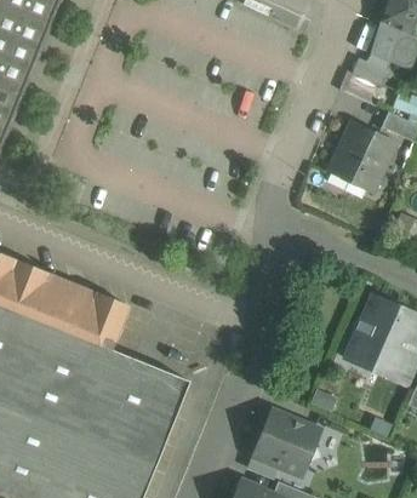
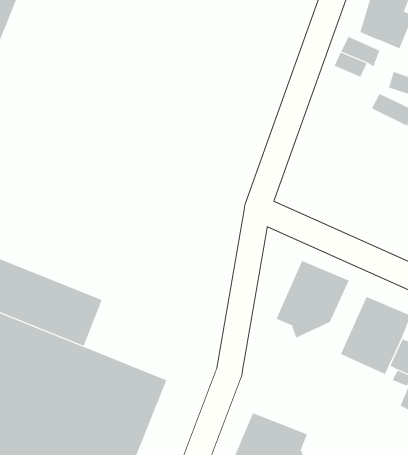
building: [326,121,396,194] -> none
building: none -> [276,260,349,338]

